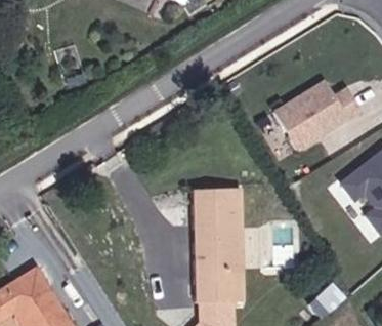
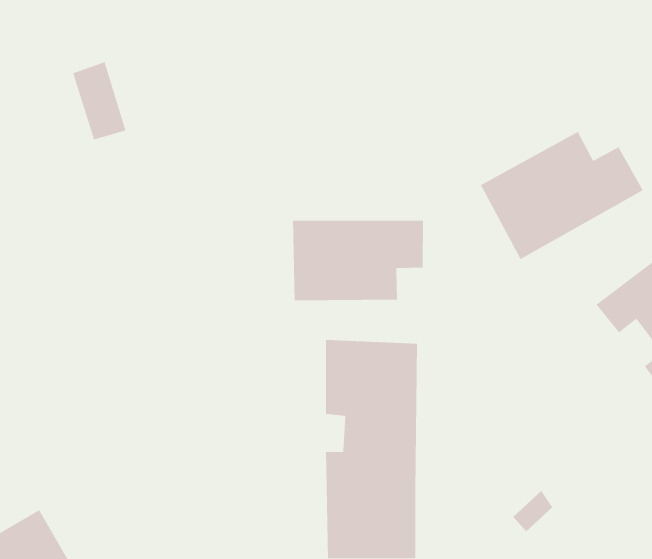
building: none -> [292,220,424,301]

